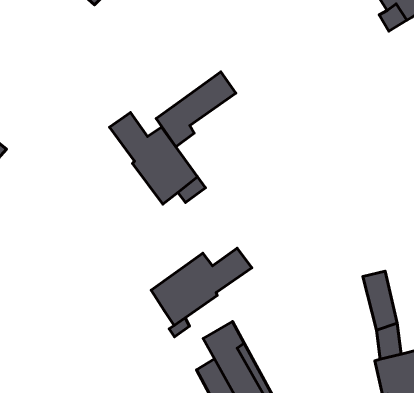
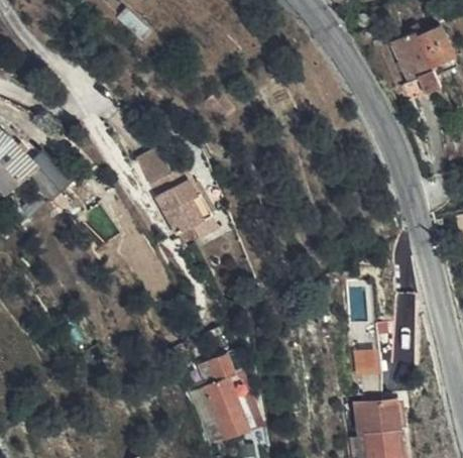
building: [156,72,236,147] -> none
building: [151,248,252,325] -> none

